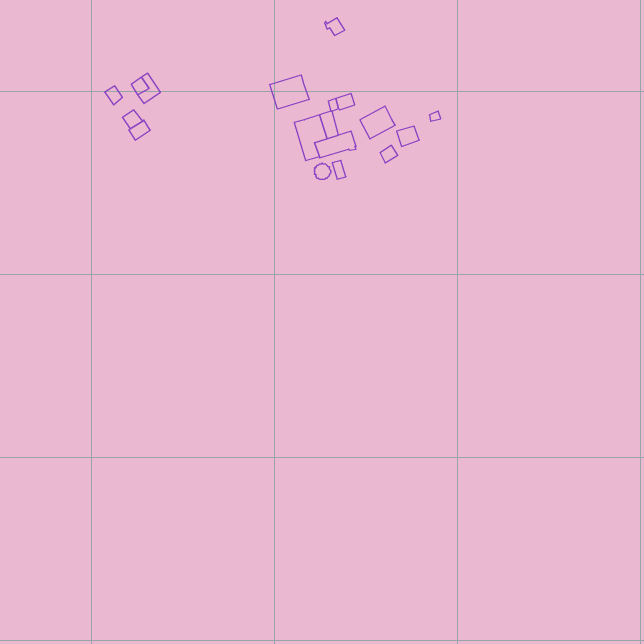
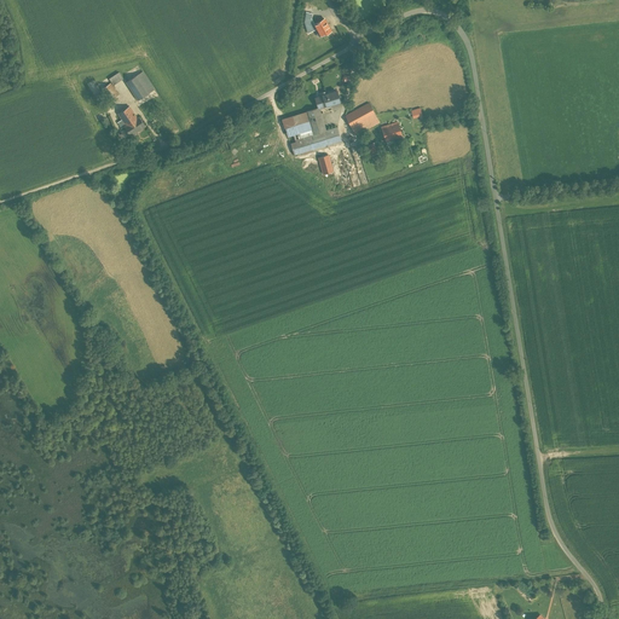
building: [270,75,309,109] -> none

